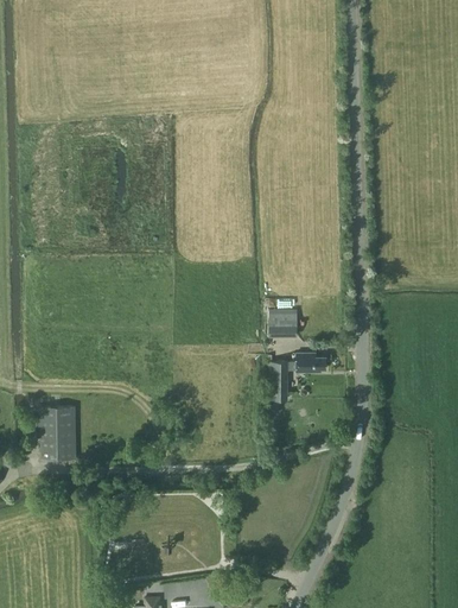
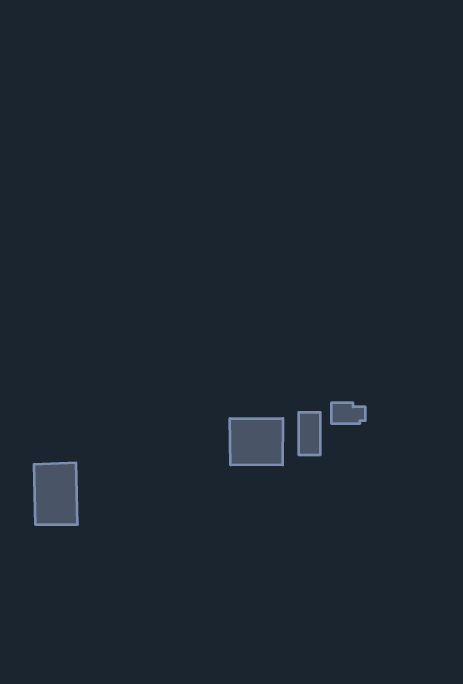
building: [268,312,297,336] -> none
building: none -> [230,418,283,465]

